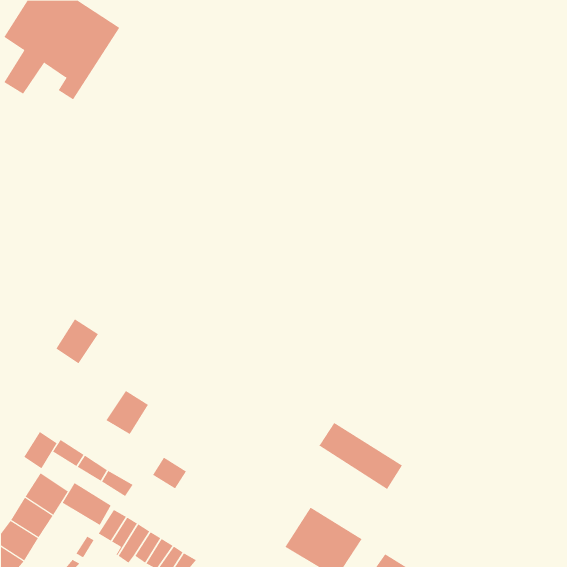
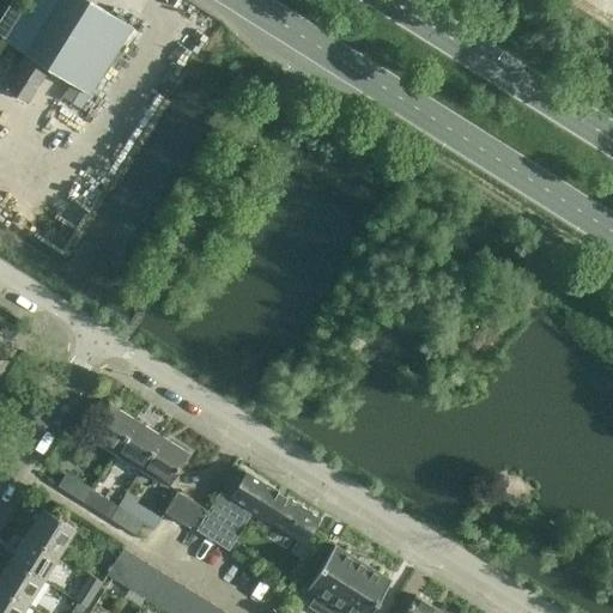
building: [56,318,99,364] -> [90,405,136,454]
building: none -> [141,437,188,486]
building: [318,422,403,490] -> [230,473,321,546]
building: [23,431,57,469] -> none
building: none -> [198,498,243,547]
building: [62,482,111,526] -> none

